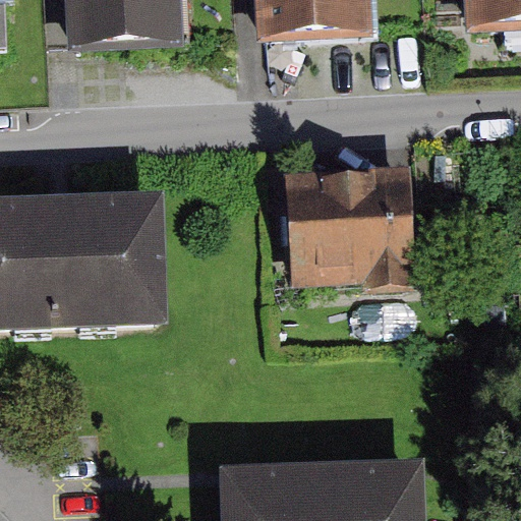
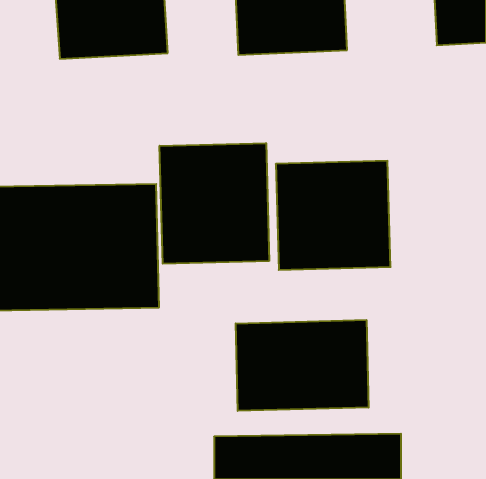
building: none -> [160,143,269,264]
building: none -> [236,320,369,411]

